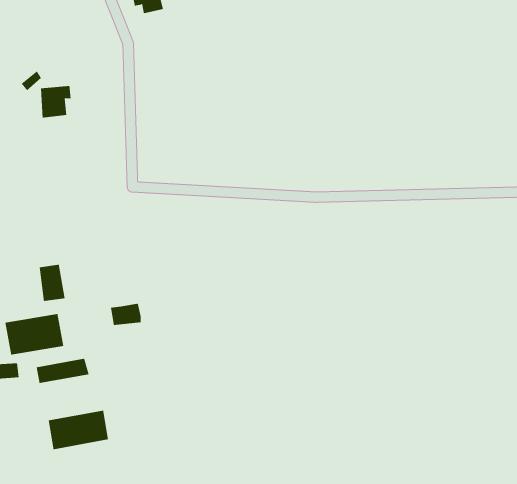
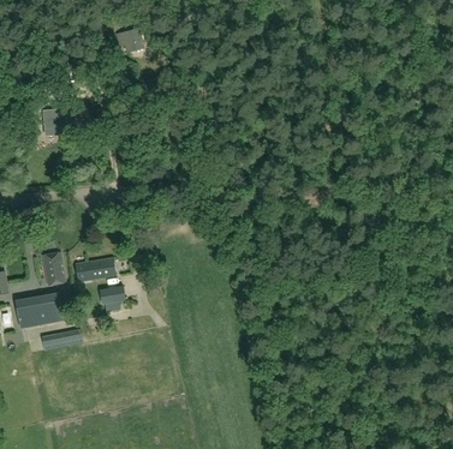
building: none -> [73,258,114,282]
building: [48,410,108,450] -> none

